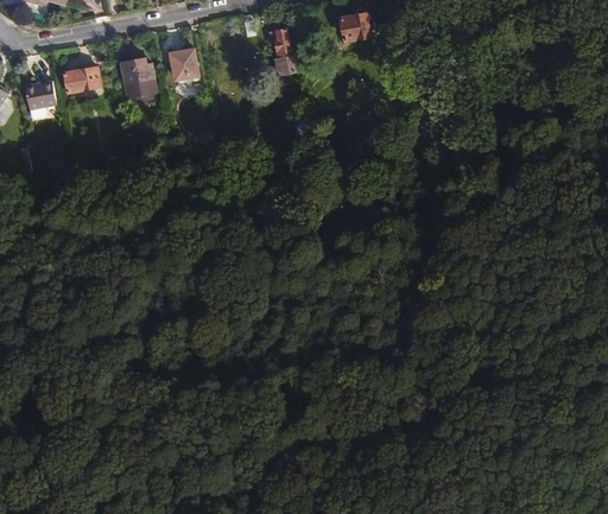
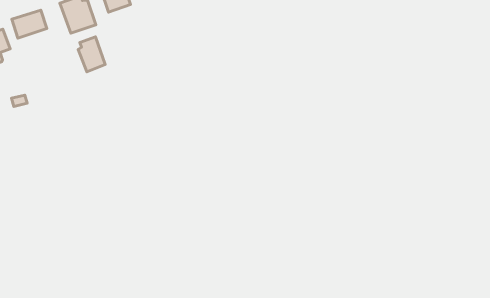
building: none -> [78,37,105,72]

